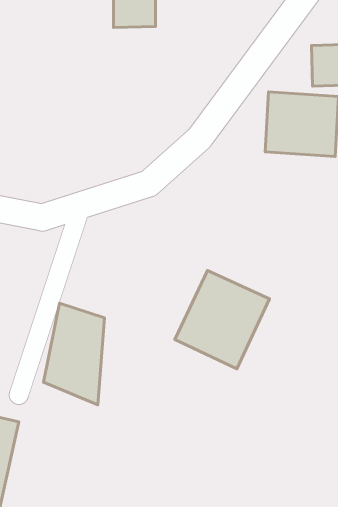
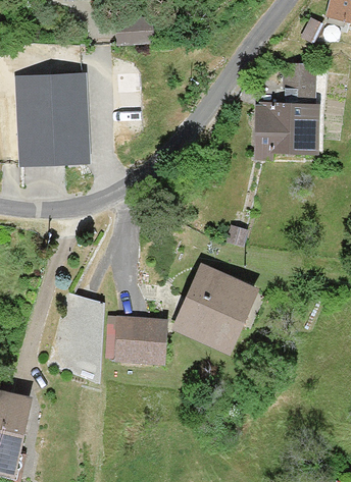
building: none -> [24,71,95,161]
building: none -> [109,315,165,365]

